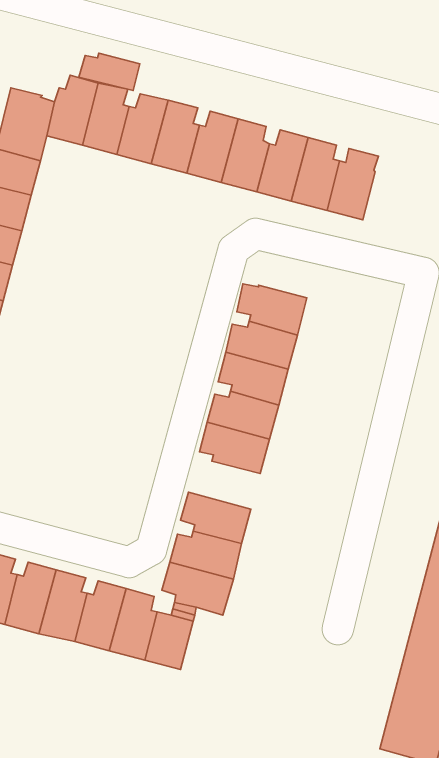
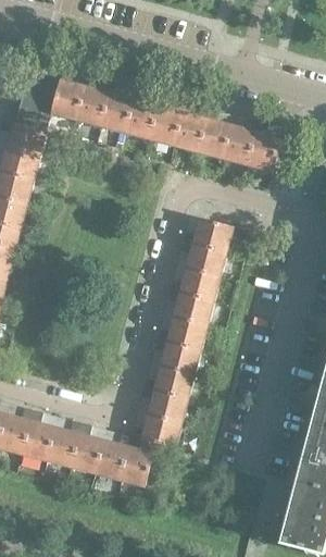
building: [79,53,140,91] -> none
building: none -> [148,342,198,375]

